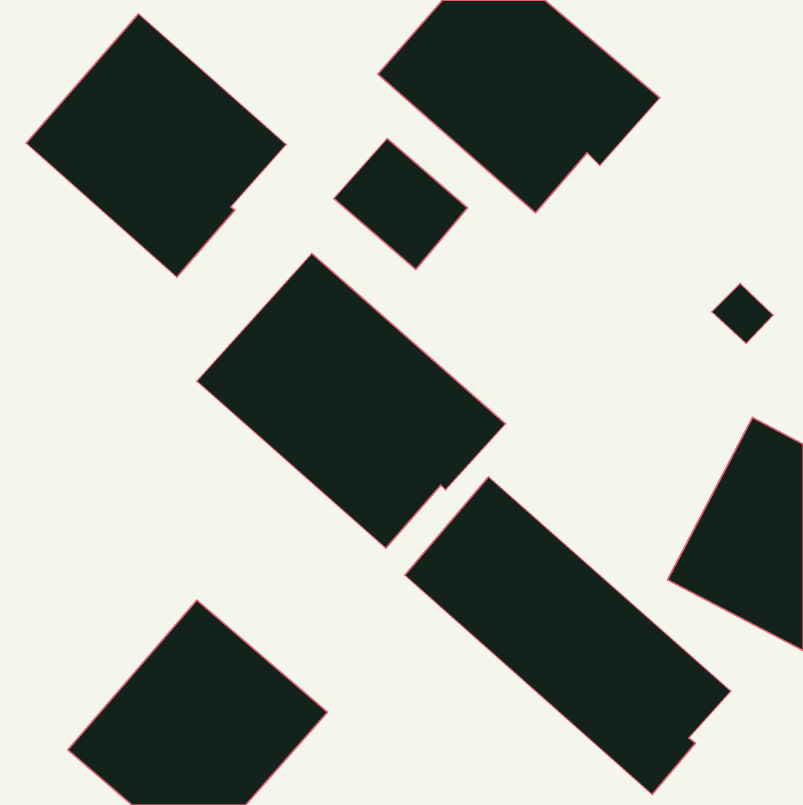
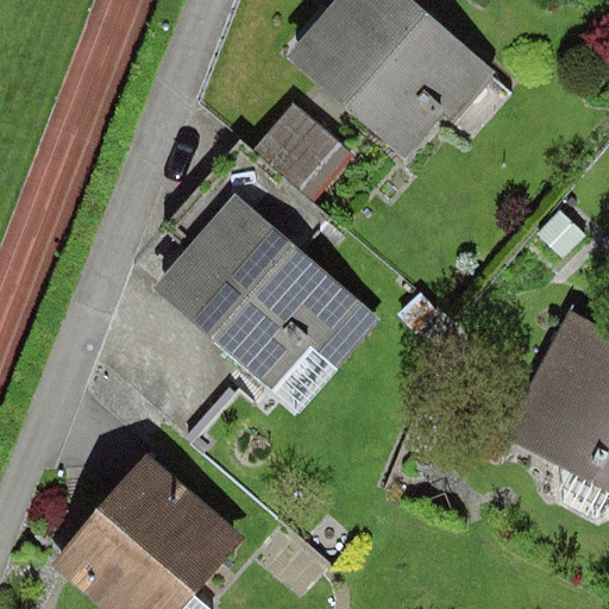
building: [26,14,286,277] -> none
building: [405,477,731,794] -> none

